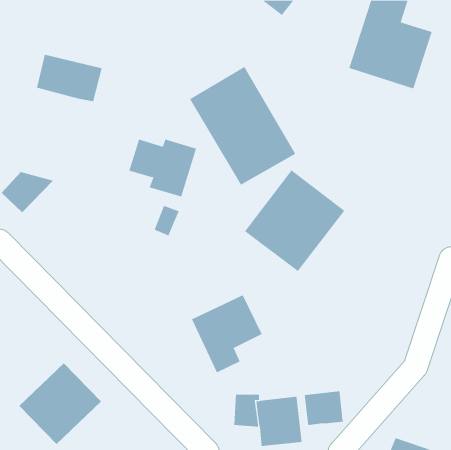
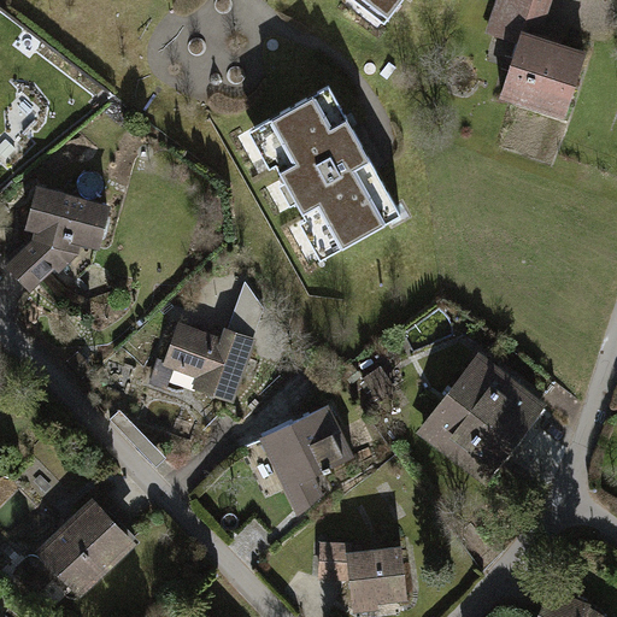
building: [36,54,103,102] -> [19,188,110,253]
building: [129,139,197,197] -> [163,323,255,402]
building: [244,169,345,272] -> [412,347,550,487]
building: [304,391,344,426] -> none

